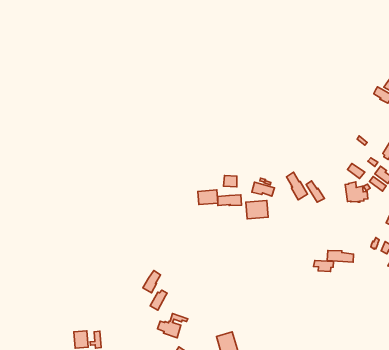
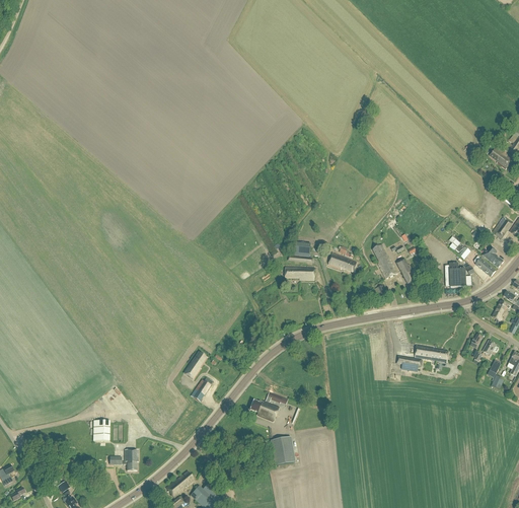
building: [198,190,218,205] -> none
building: [246,200,268,219] -> none
building: [158,314,188,338] -> [249,391,288,422]

